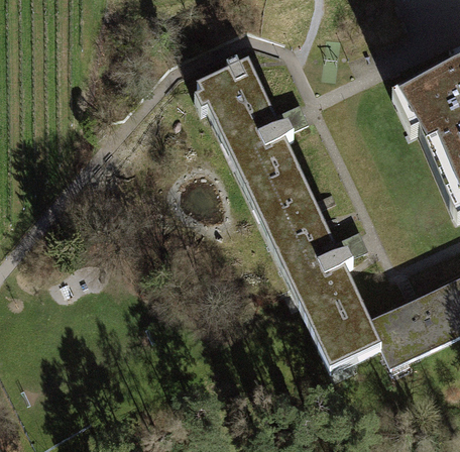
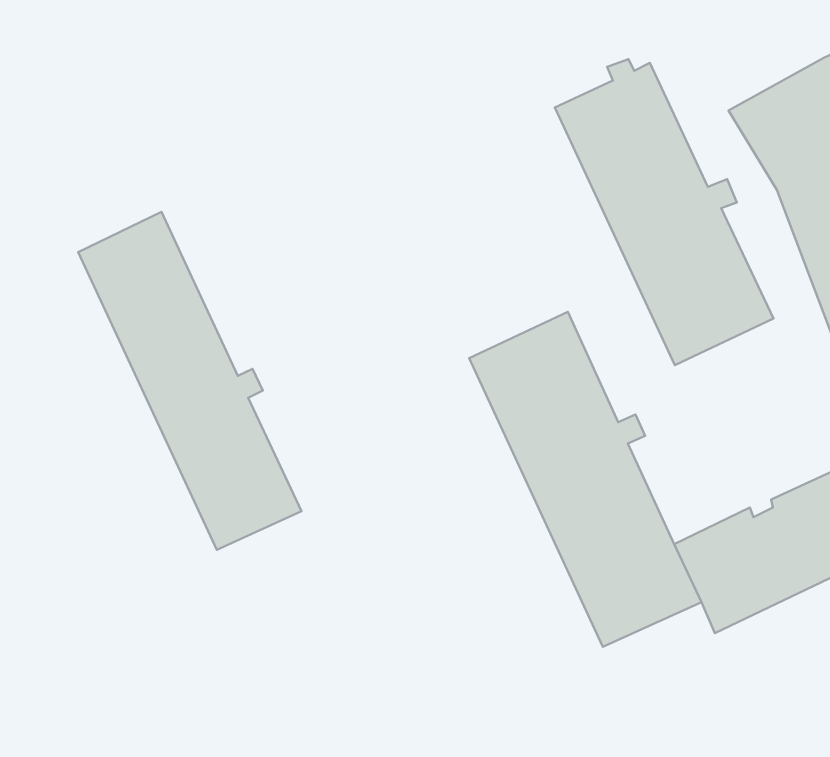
building: [200,63,314,222] -> [555,59,773,365]
building: none -> [78,212,302,550]

